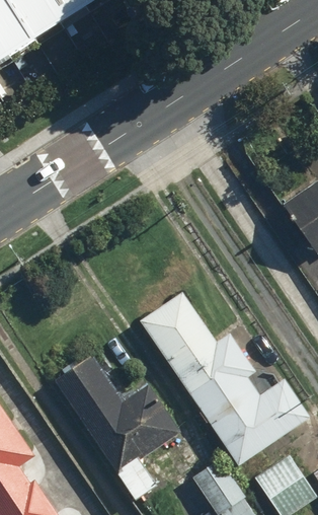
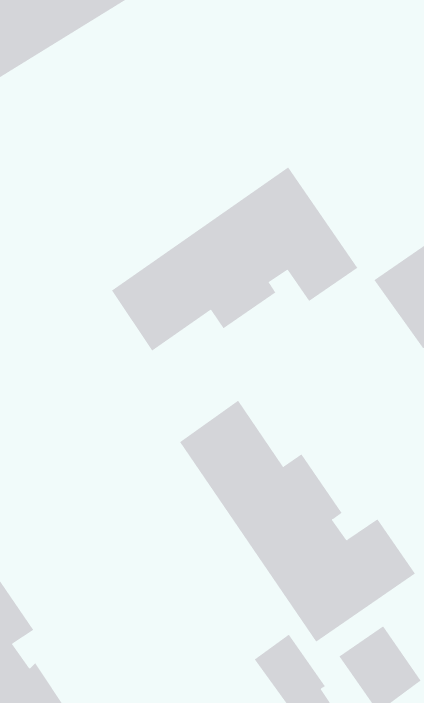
building: none -> [111,166,358,352]
building: [53,353,183,500] -> none

